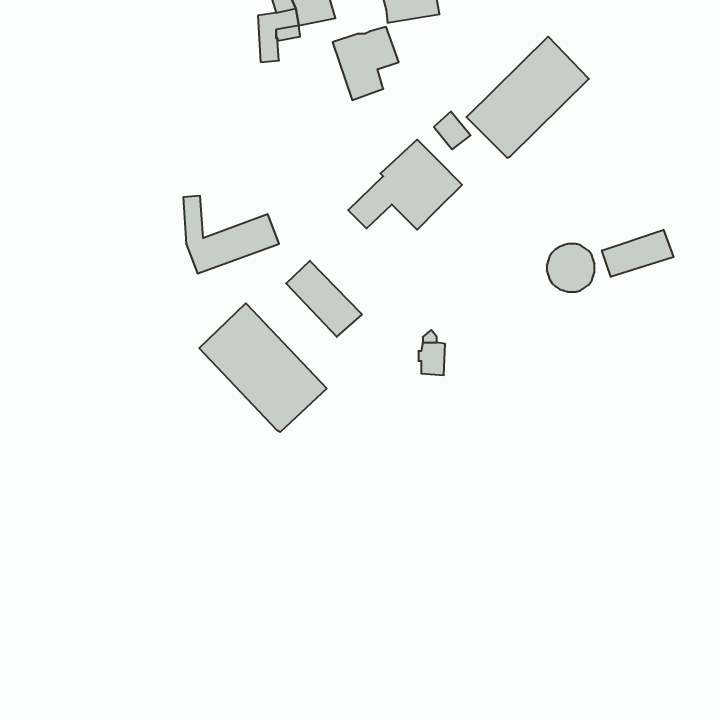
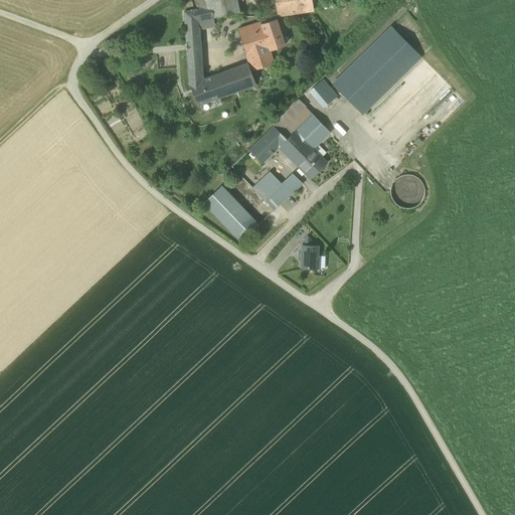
building: [183,196,279,273] -> [187,50,255,106]
building: none -> [298,149,326,177]
building: [602,230,674,277] -> none
building: none -> [251,171,302,210]
building: [199,303,327,432] -> none

